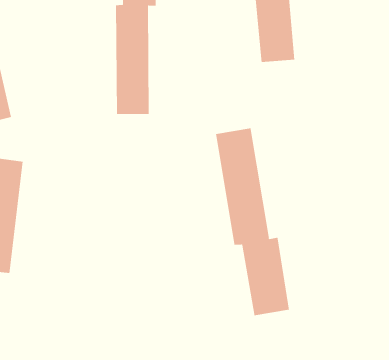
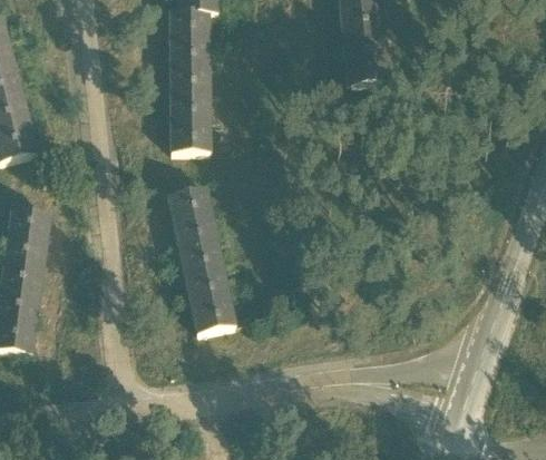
building: [216,127,290,316] -> none
building: none -> [168,182,234,330]

